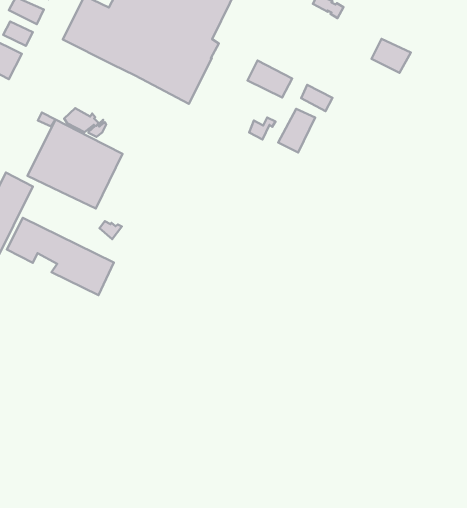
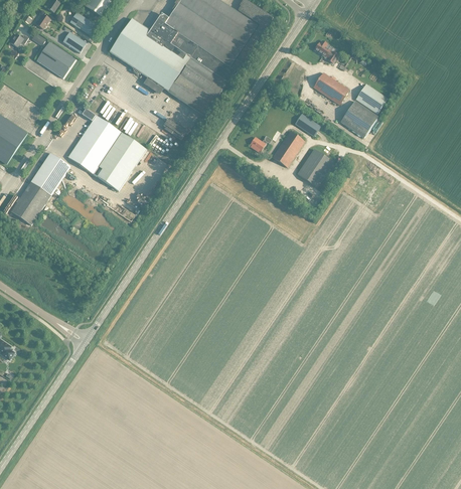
building: none -> [339,100,376,137]
building: [247,60,292,97] -> [312,71,348,104]
building: none -> [296,148,333,187]
building: [7,218,114,295] -> none

